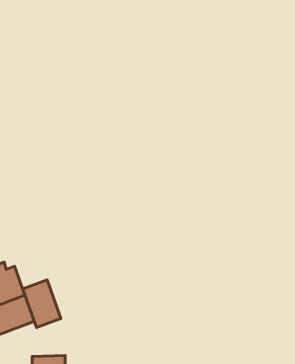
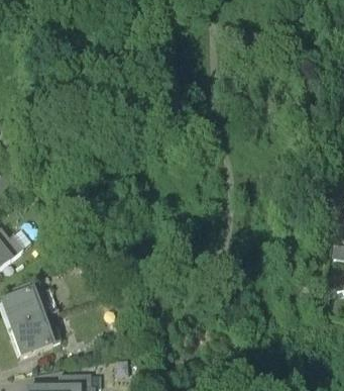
building: [23,280,61,327] -> none

